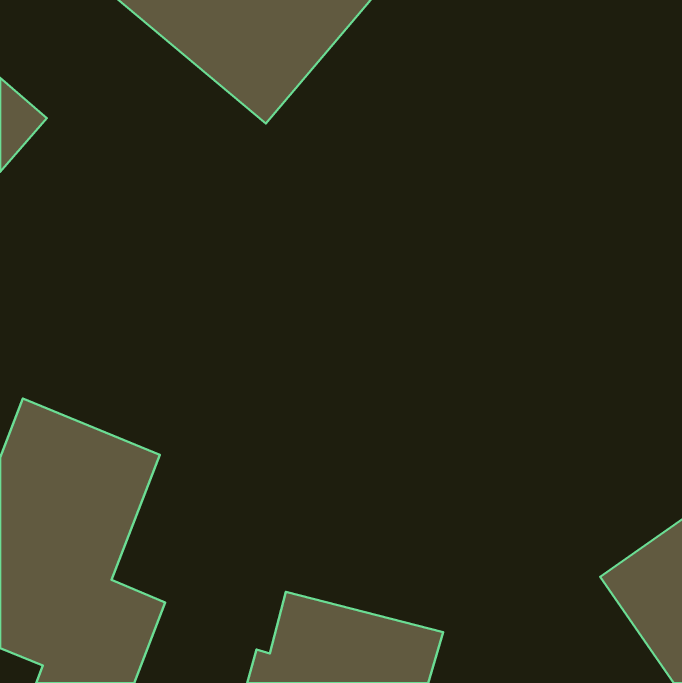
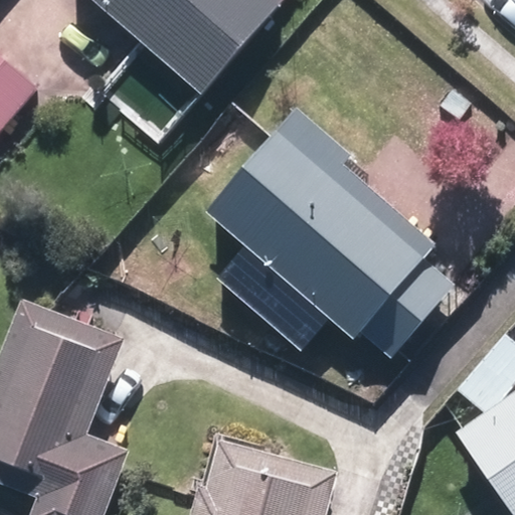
building: none -> [203,131,420,340]

